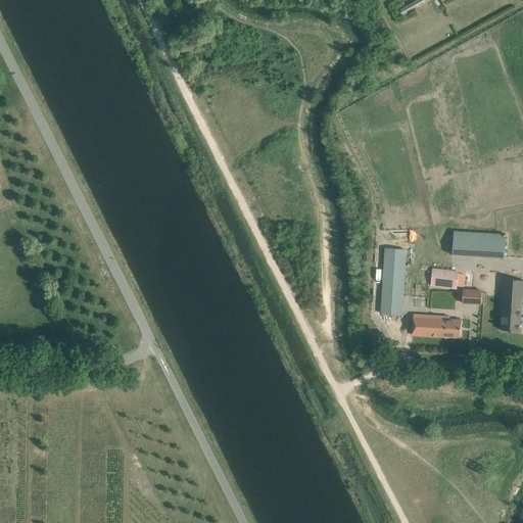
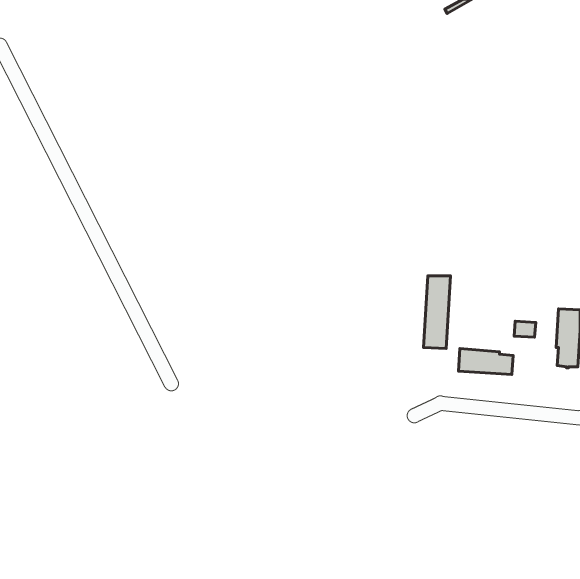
building: [453,230,506,257] -> none
building: [431,268,458,287] -> none

